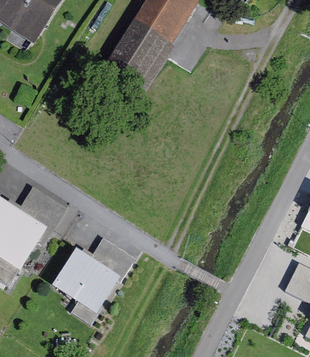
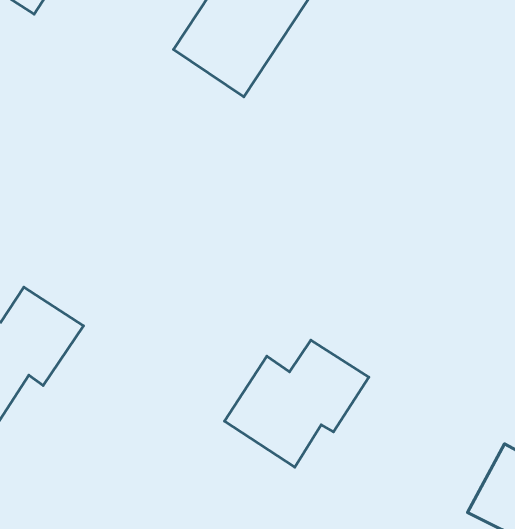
building: [47,241,129,313] -> [224,340,369,467]

